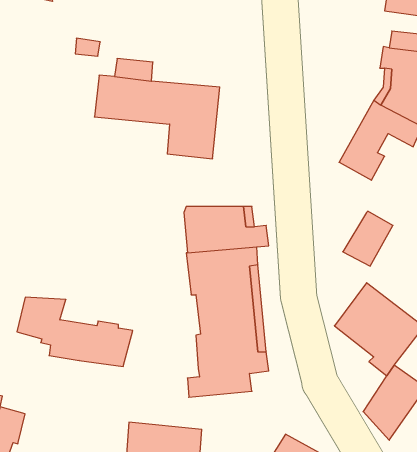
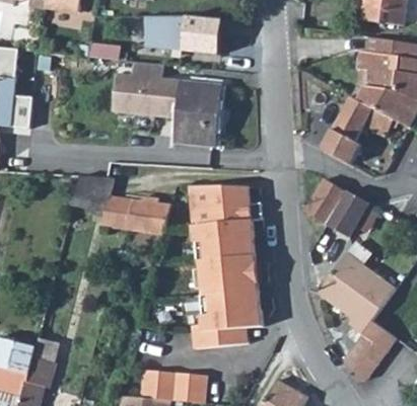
building: none -> [143,16,221,55]
building: none -> [303,178,345,225]
building: [17,297,133,366] -> [72,176,170,235]

